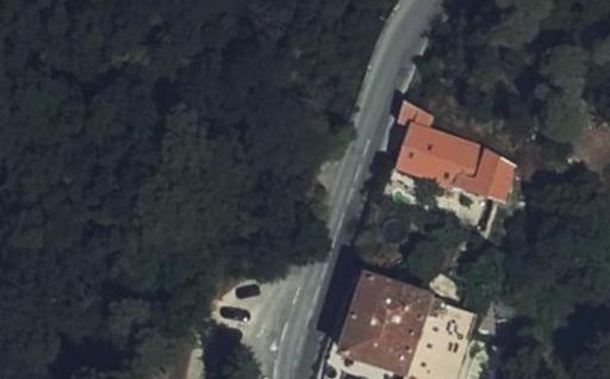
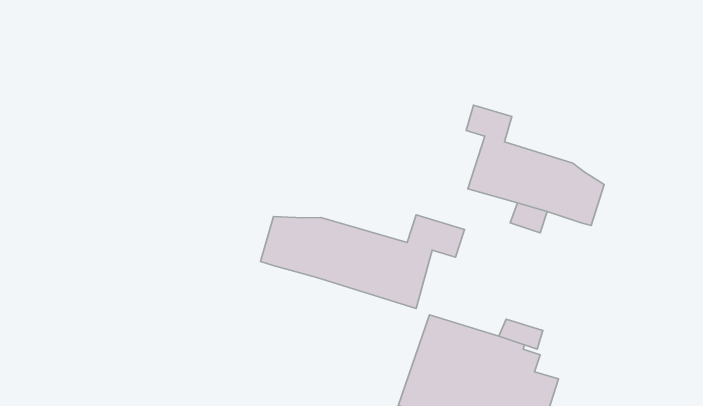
building: none -> [261,215,465,308]

